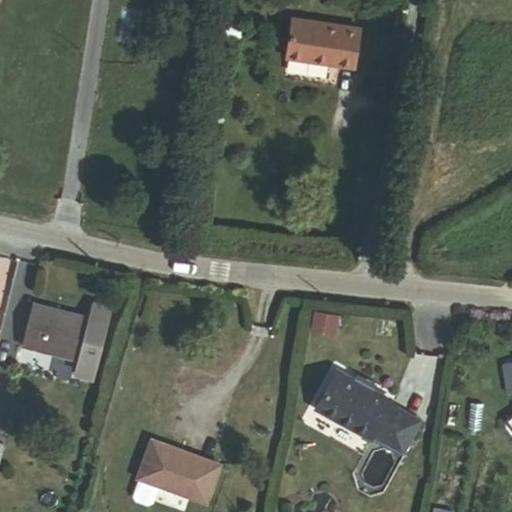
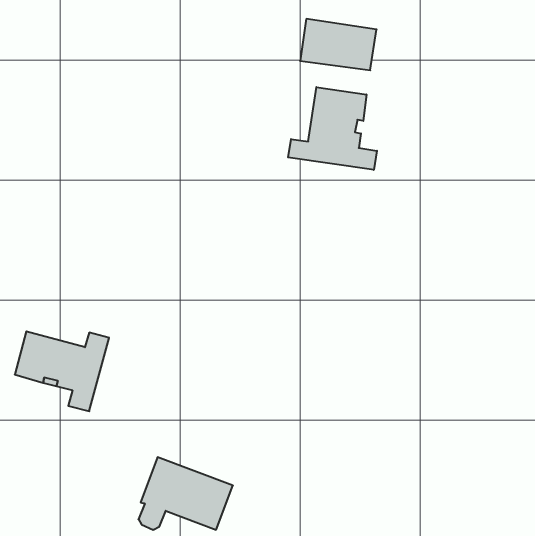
building: none -> [288,87,377,170]
building: [317,370,419,450] -> none

